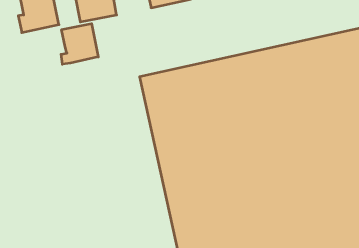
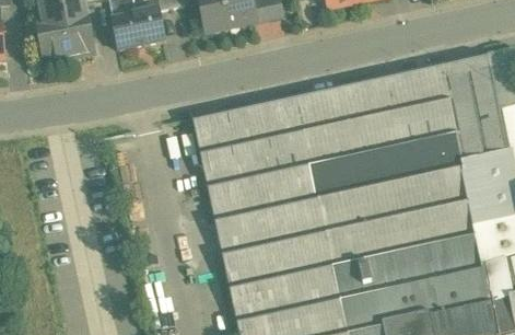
building: [61,24,98,64] -> none

